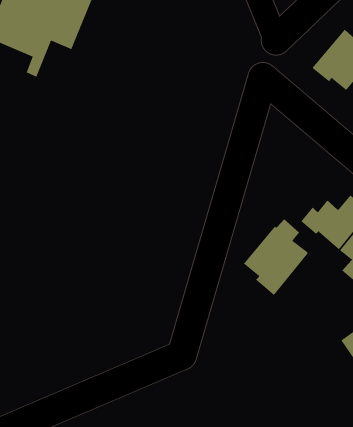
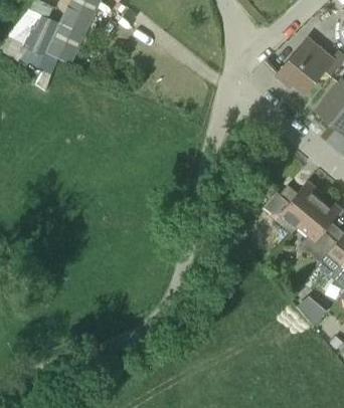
building: [243,219,309,296] -> none

